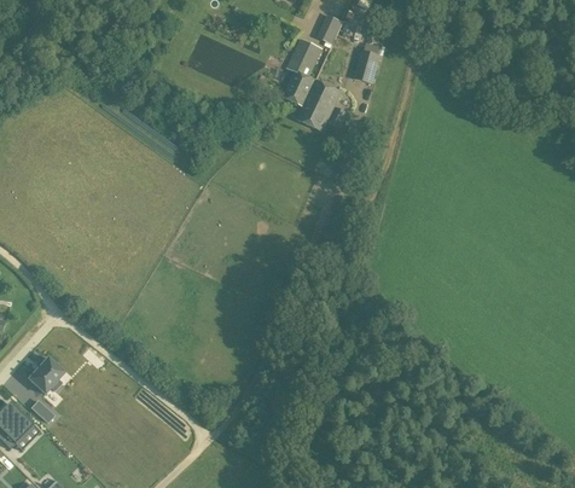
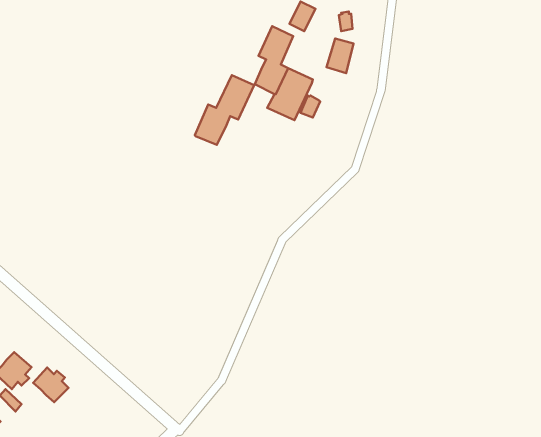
building: none -> [195,75,254,145]
building: none -> [33,367,68,402]

